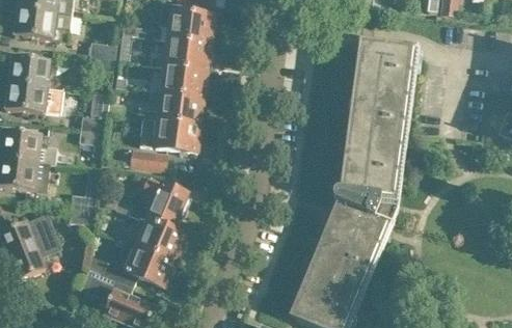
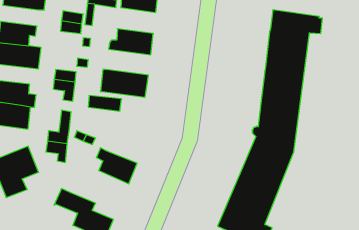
building: [161,36,210,70] -> none
building: [139,89,204,122] -> none
building: [145,177,191,235] -> none
building: [101,240,176,285] -> none

